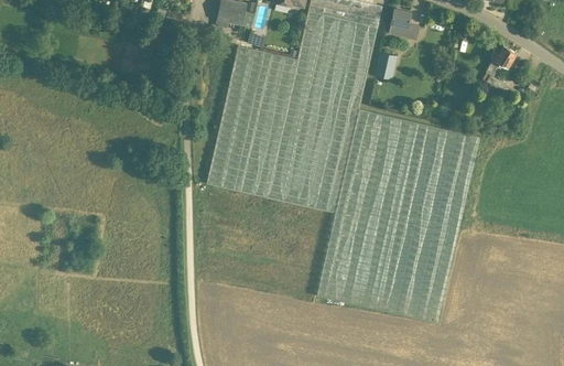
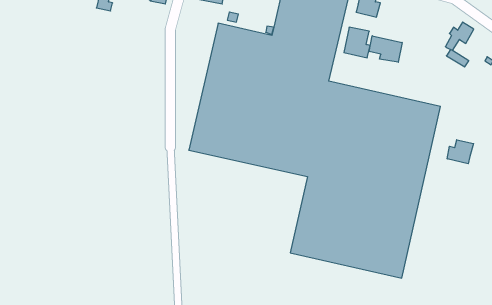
building: none -> [369,36,402,62]
building: none -> [447,140,474,164]

